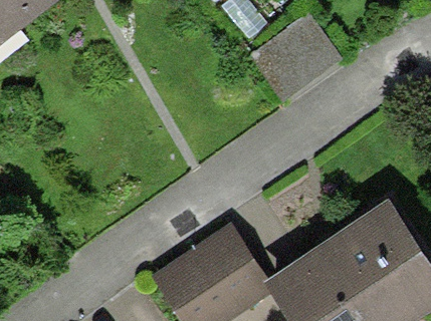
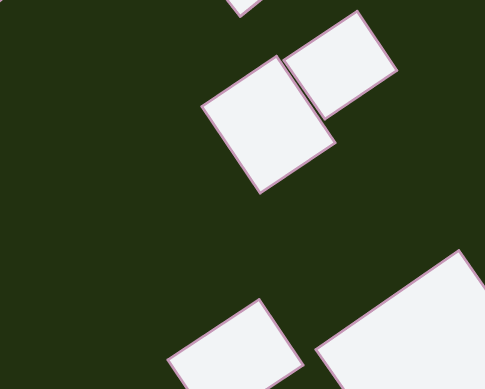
building: none -> [202,56,335,193]

